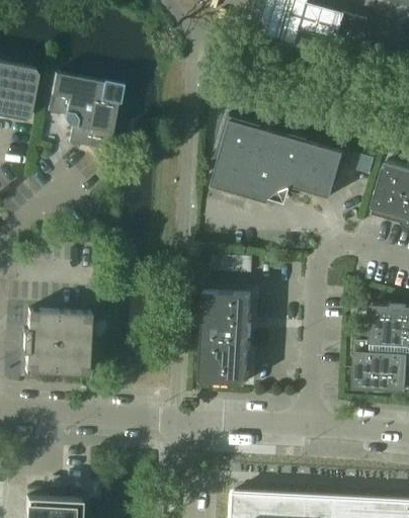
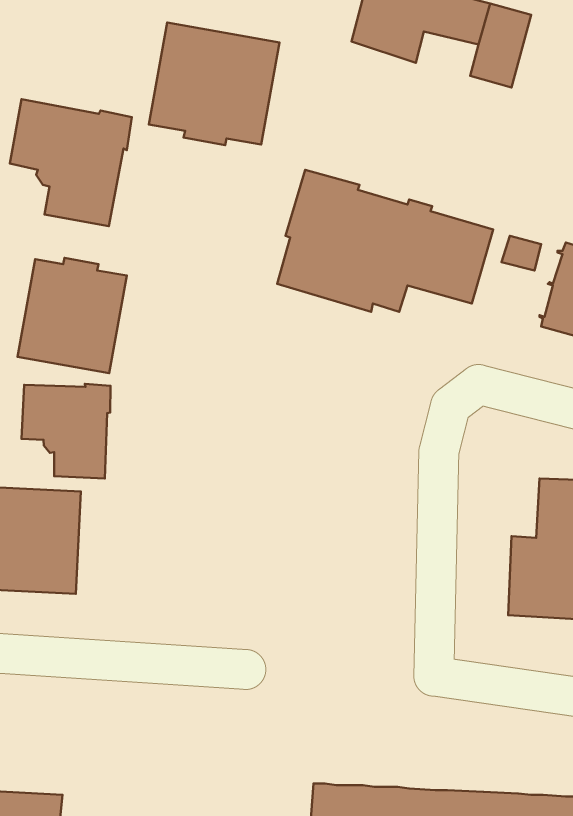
building: none -> [149,22,279,145]
building: none -> [18,258,127,373]
building: none -> [21,384,111,479]
building: [200,290,251,383] -> none

